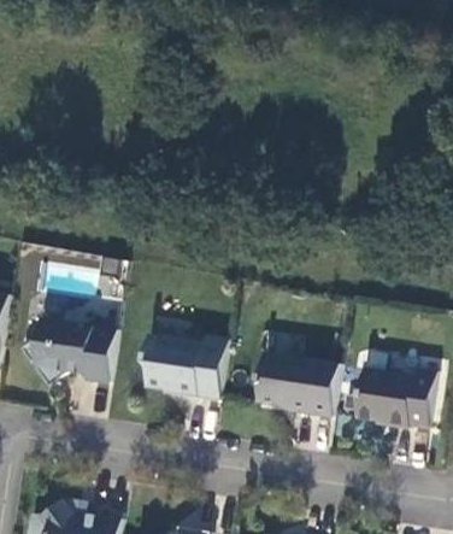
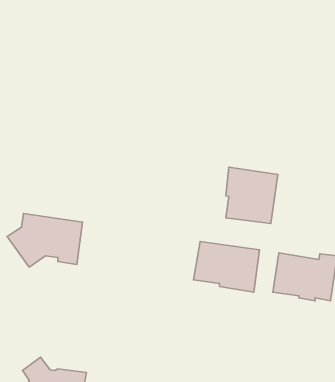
building: none -> [226,167,278,223]
building: [142,336,226,400] -> none

